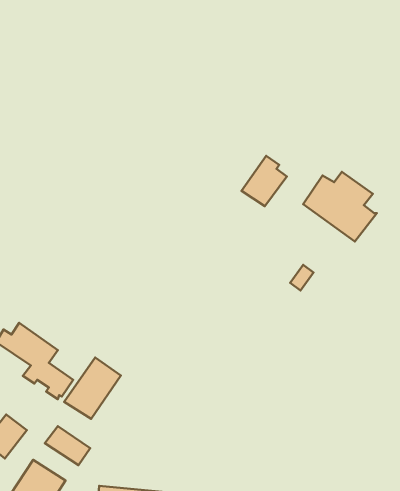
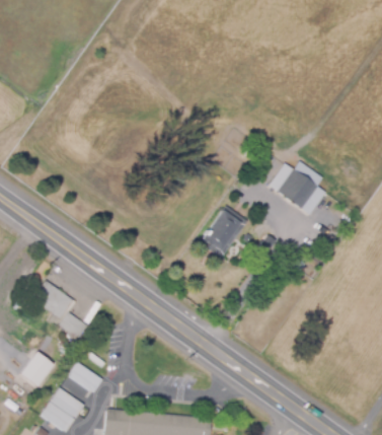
building: [242,156,287,206] -> [206,211,241,250]
building: [64,357,121,419] -> none

